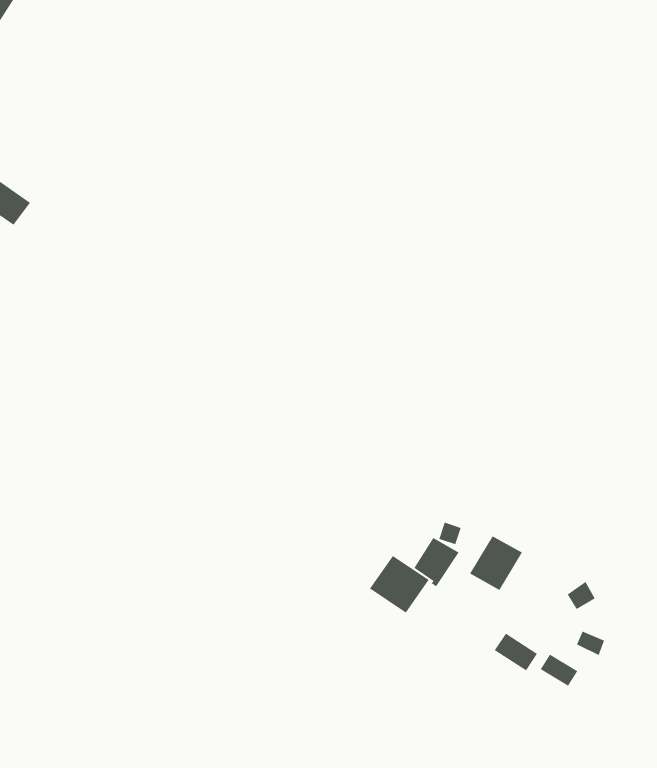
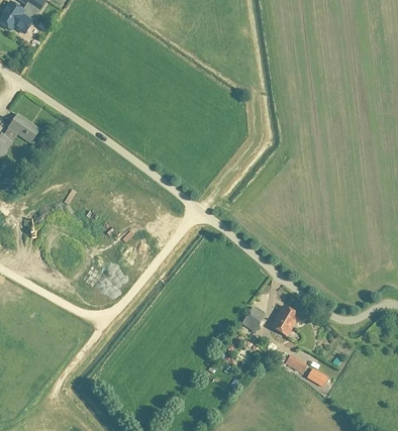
building: [369,555,429,613] -> none

